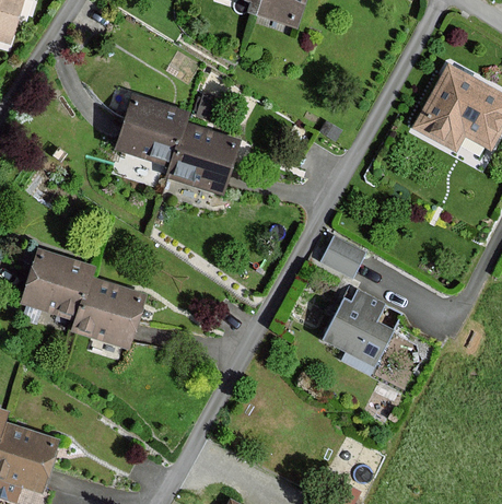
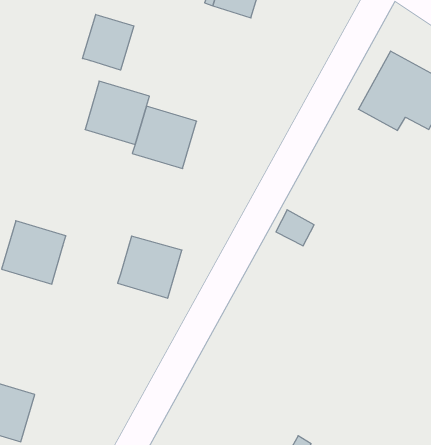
building: none -> [83,14,134,70]
building: [74,277,144,344] -> [118,236,182,298]
building: [320,290,392,367] -> none

